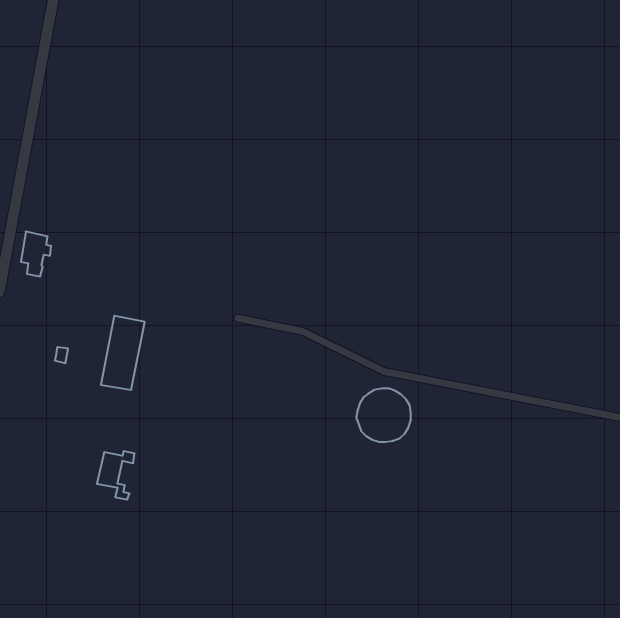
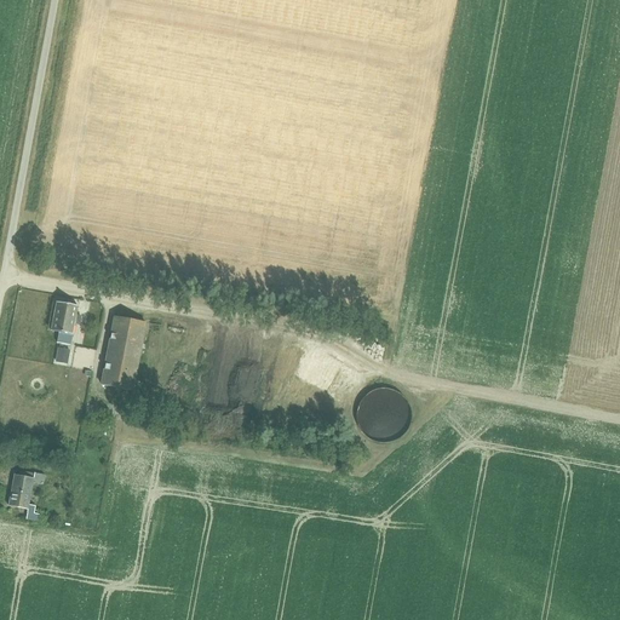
building: [21,231,51,276] -> [50,299,80,344]
building: [97,451,135,500] -> [6,471,44,519]

